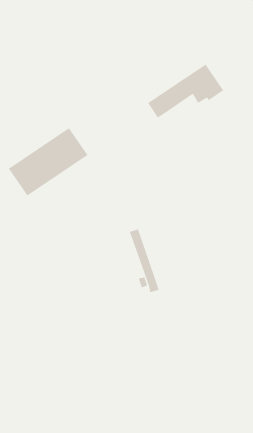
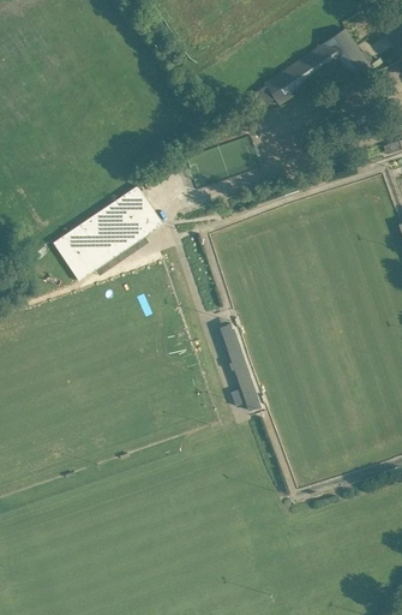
building: [147,63,224,119] -> [264,29,370,105]

